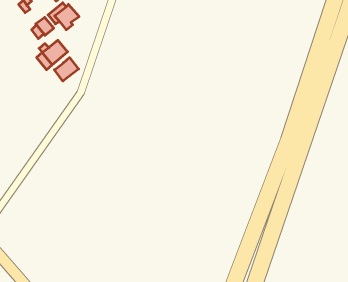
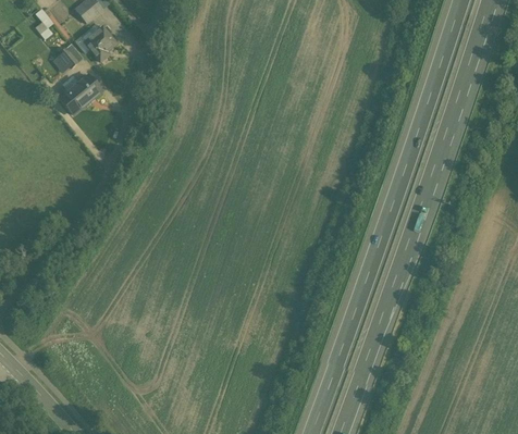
building: [54,58,79,81] -> none

